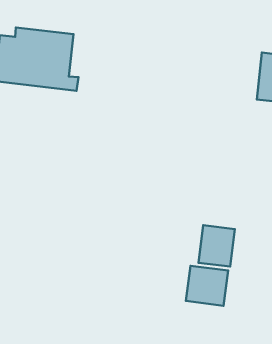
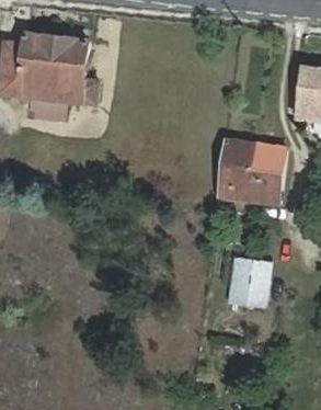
building: none -> [218,139,285,201]
building: [186,266,228,306] -> none

